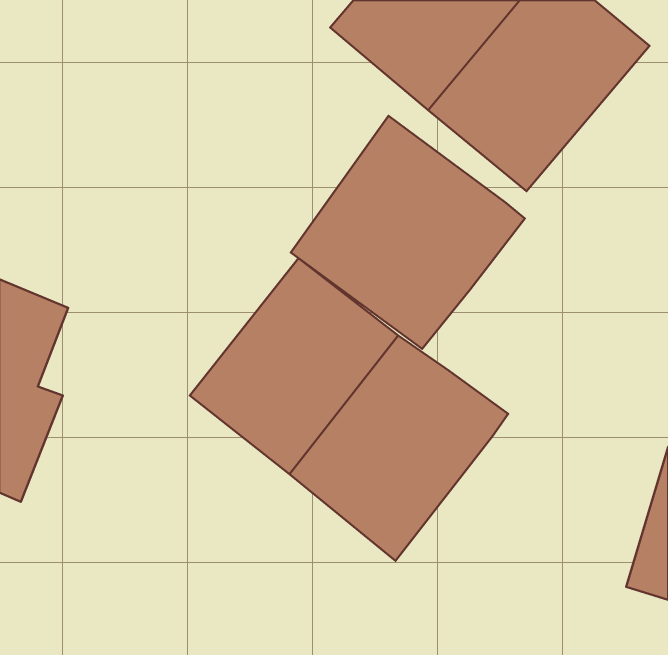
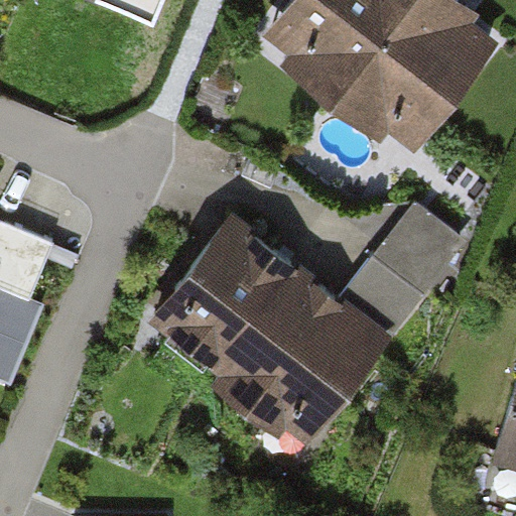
building: [291,116,525,349] -> none
building: none -> [346,204,467,351]

